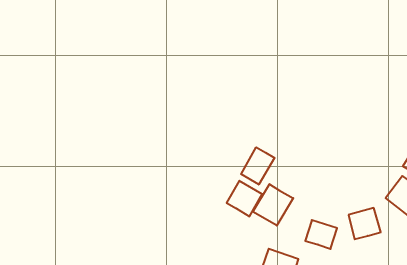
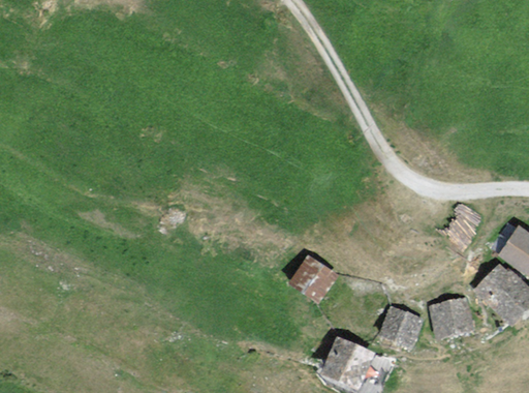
building: [241,147,275,185] -> none
building: [253,184,293,226] -> none

